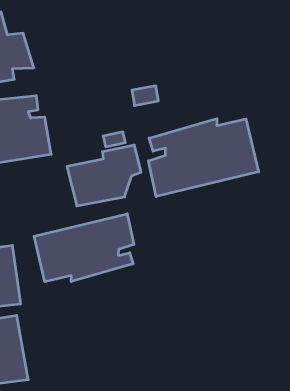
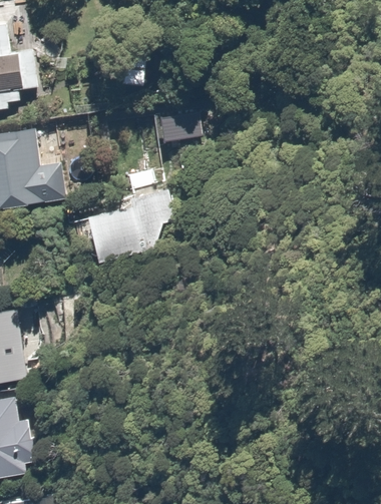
building: [148,119,259,197] -> none
building: [34,214,134,282] -> none

